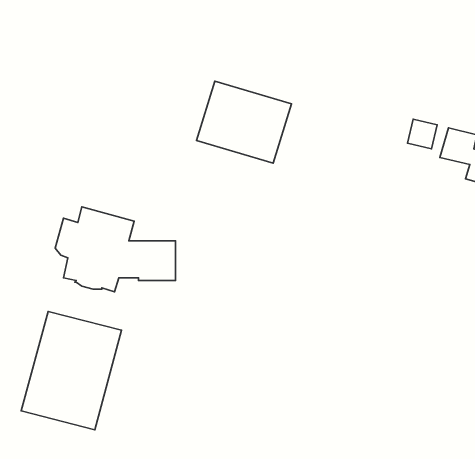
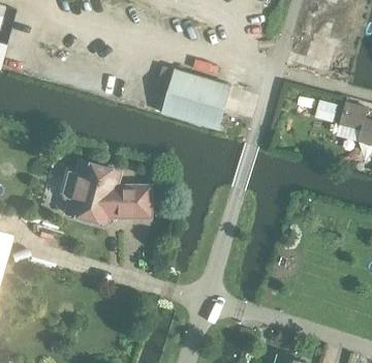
building: [21,311,122,430] -> none

